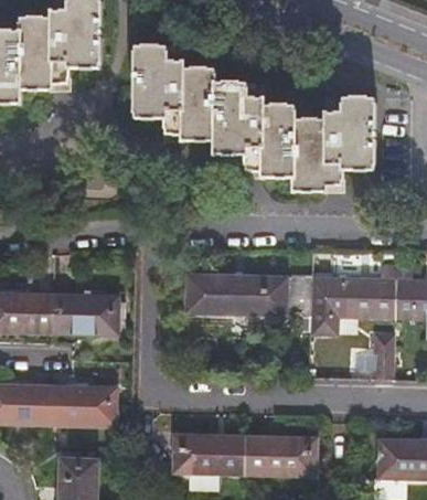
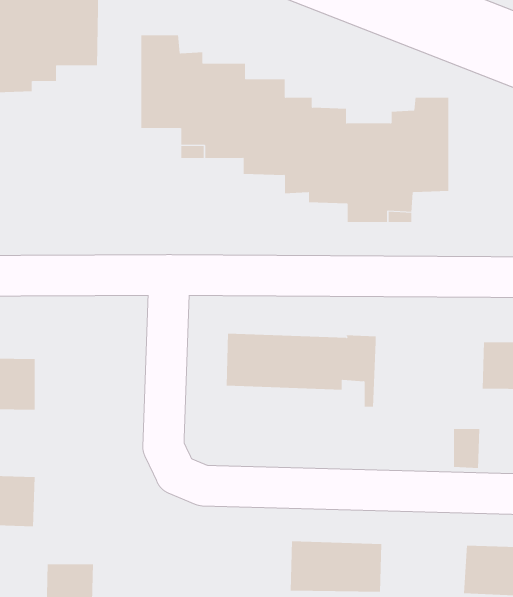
building: [311,281,397,333] -> none
building: [50,295,115,334] -> none
building: [49,386,115,426] -> none
building: [177,435,248,475] -> none

